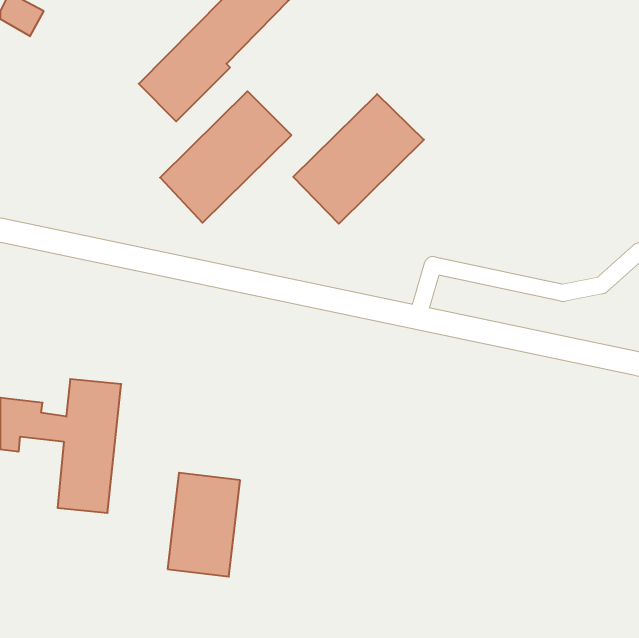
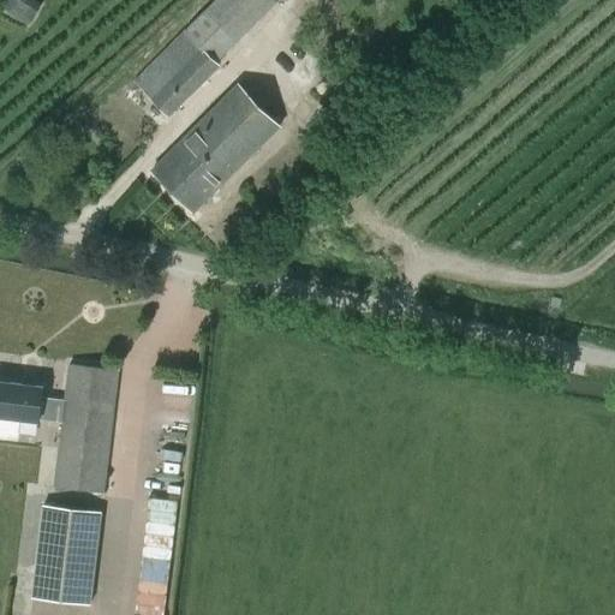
building: [293,94,424,224] -> none
building: [168,473,240,577] -> [31,504,101,604]

